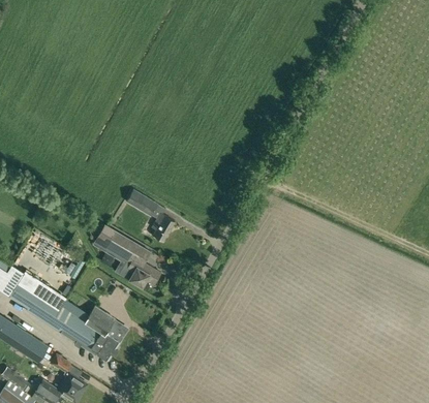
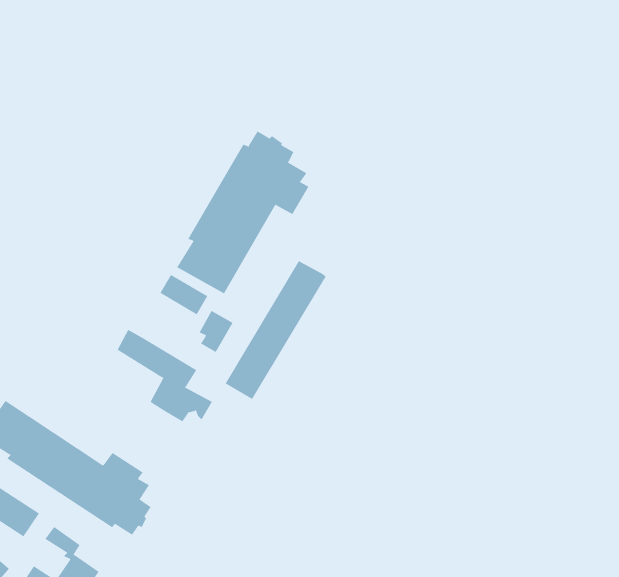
building: none -> [176,131,309,294]
building: none -> [225,260,326,400]

